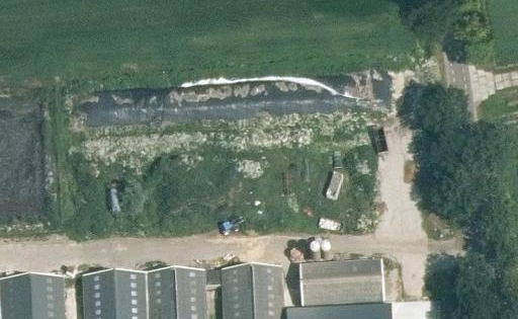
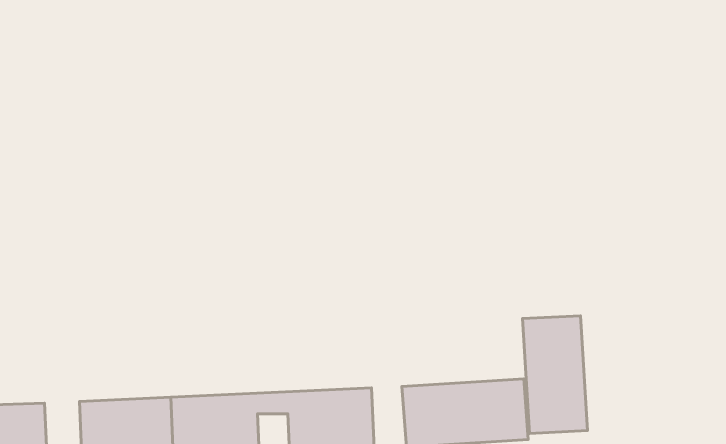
building: none -> [522,316,588,433]

